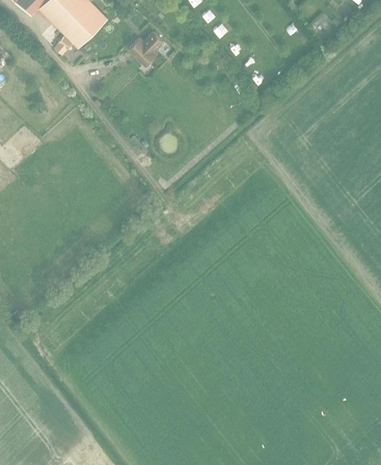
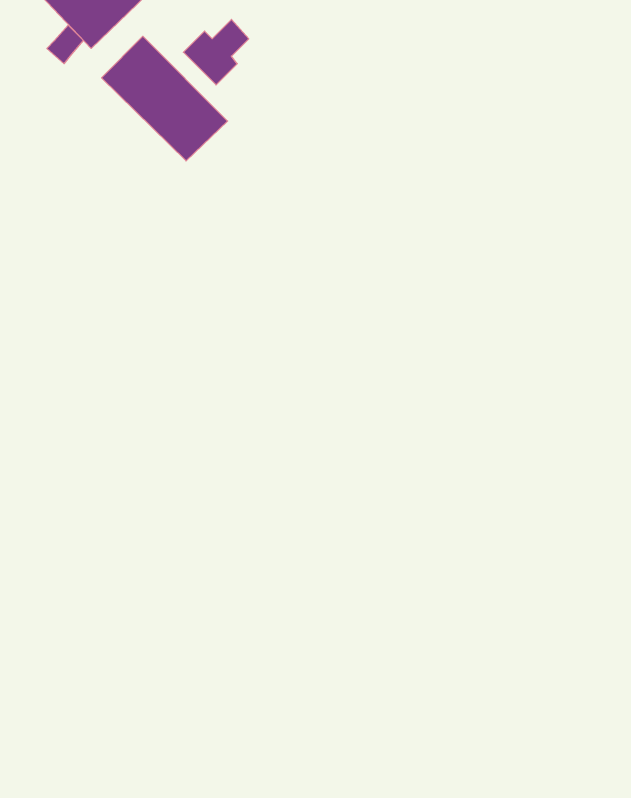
building: none -> [102,36,228,161]

